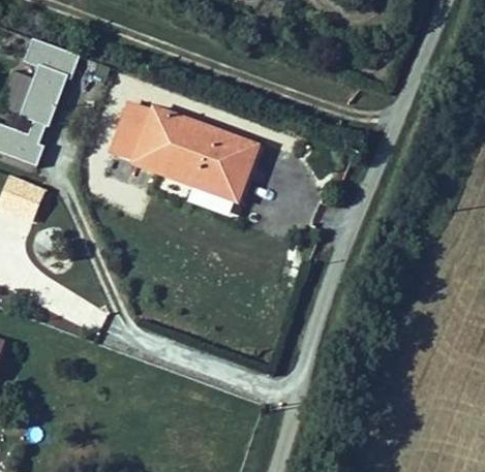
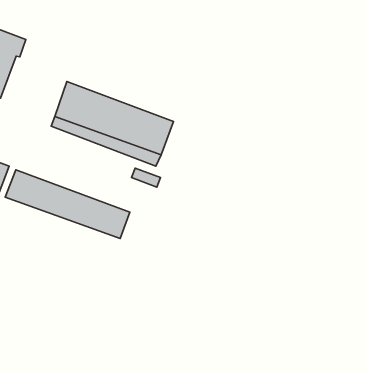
building: none -> [5,170,130,239]

